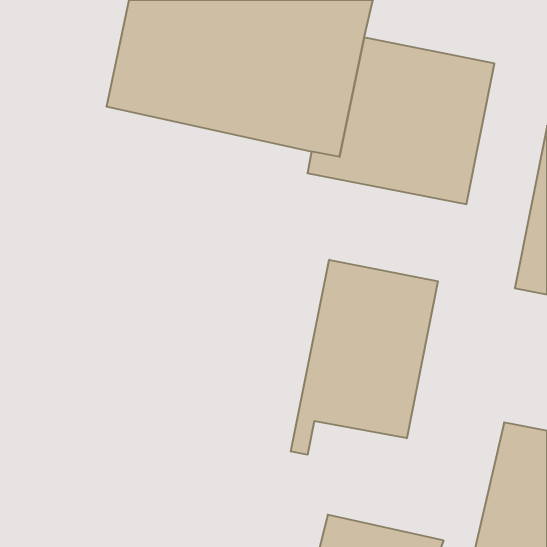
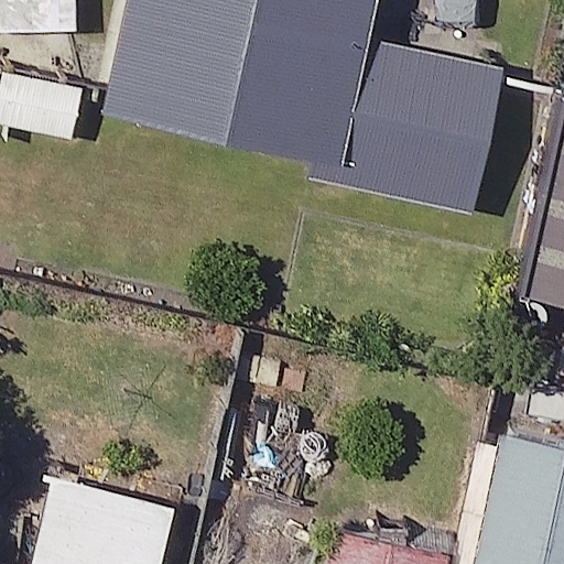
building: [291,260,438,455] -> none

